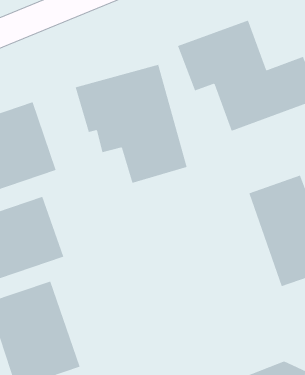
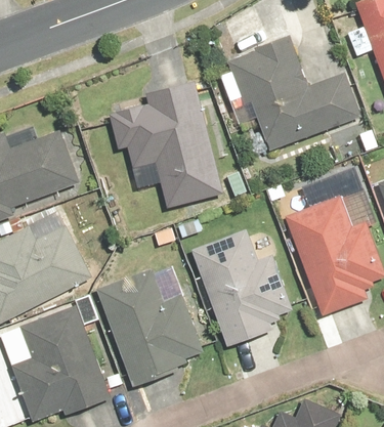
building: none -> [191,228,298,344]
building: none -> [96,264,201,385]

